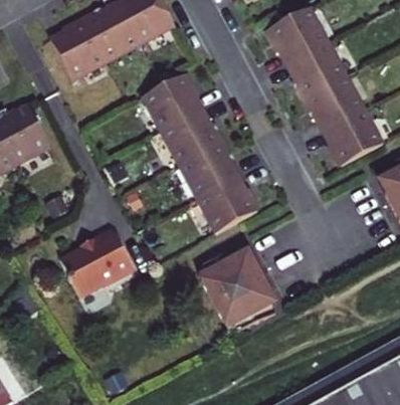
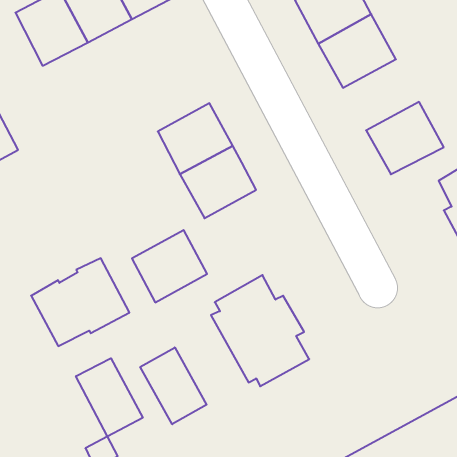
building: [143,74,201,131] -> none
building: [305,74,364,130] -> none
building: [197,176,255,232] -> [132,230,207,302]
building: none -> [140,347,207,424]
building: none -> [76,358,143,437]

